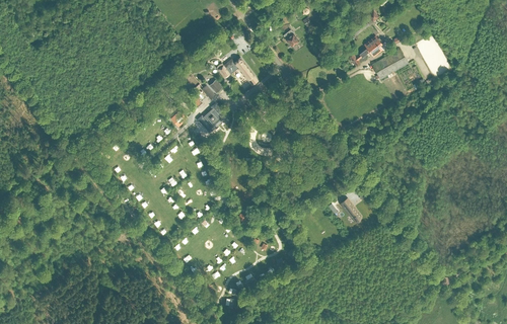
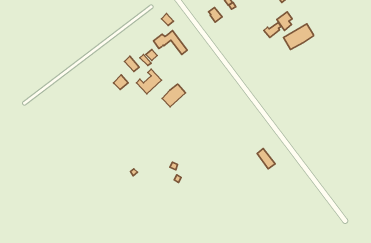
building: none -> [162,84,186,107]

